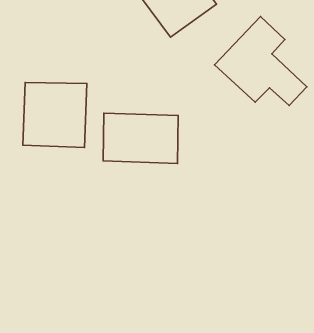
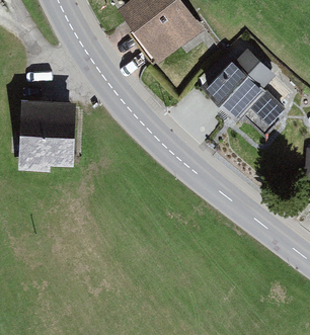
building: [103,113,178,164] -> none

